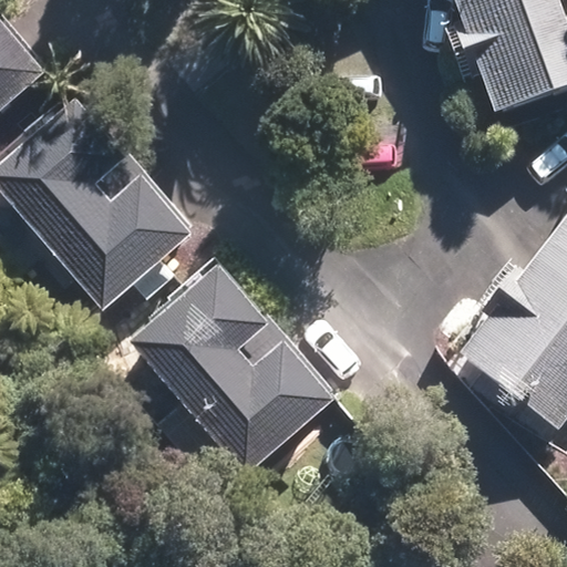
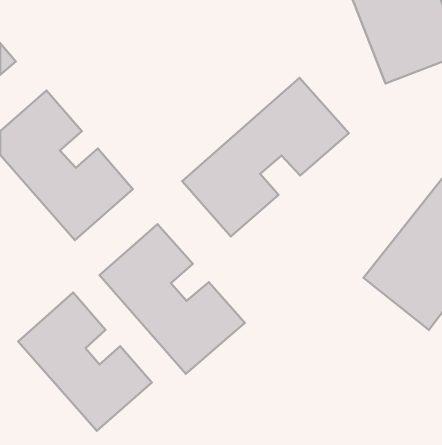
building: none -> [182,78,349,236]
building: none -> [18,293,152,431]

